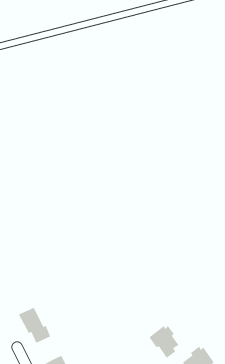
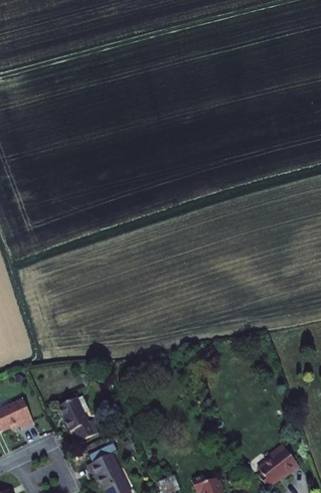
building: [149,325,179,359] -> none

